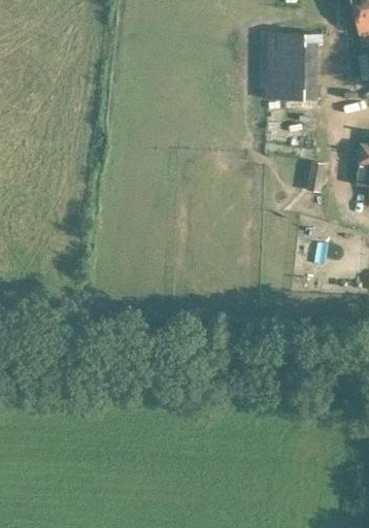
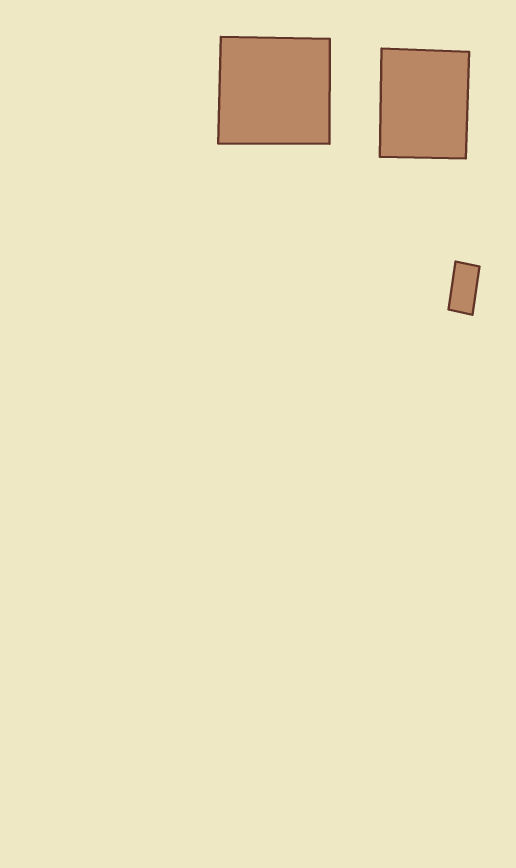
building: none -> [218,37,330,144]

